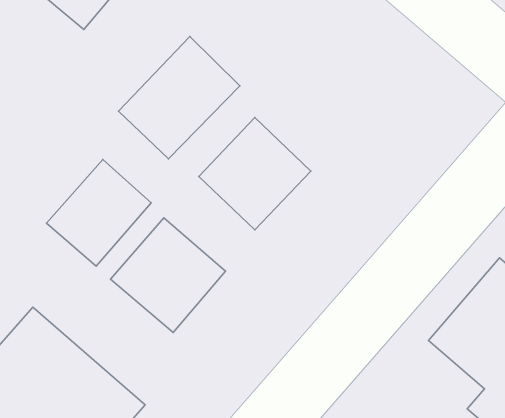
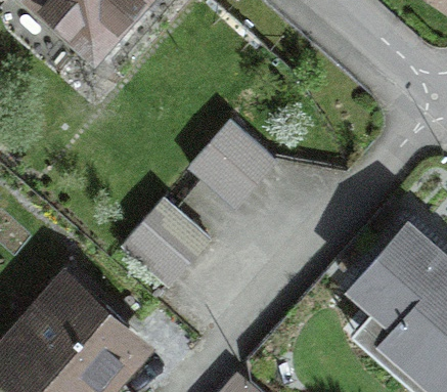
building: [119,36,240,159] -> none
building: [47,160,151,266] -> none

